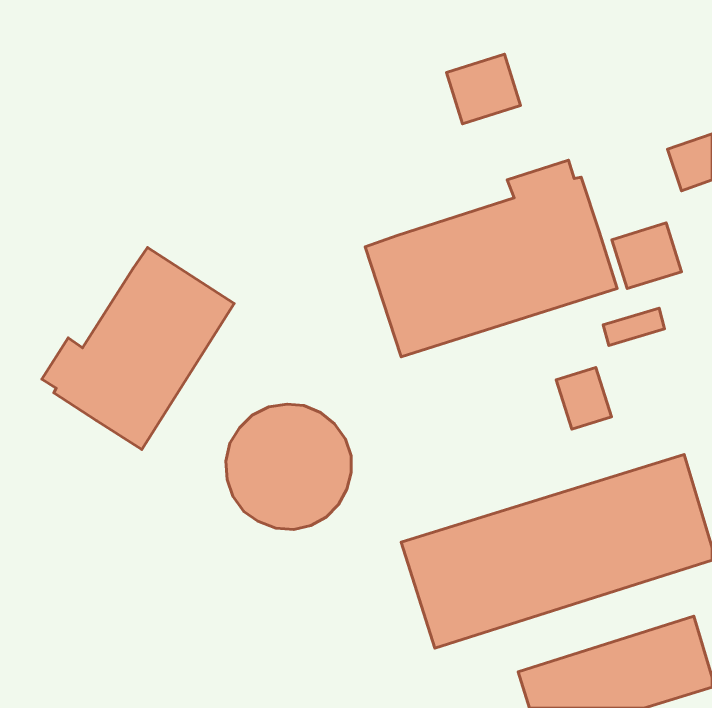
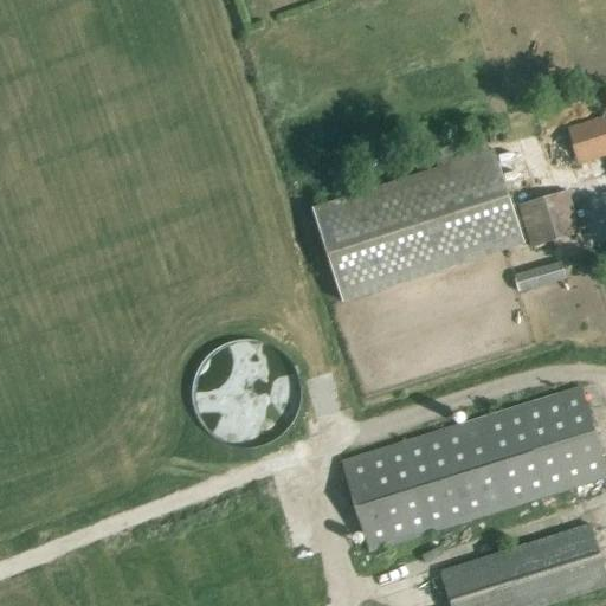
building: [447,54,520,124] -> none
building: [42,247,234,449] -> none
building: [556,368,612,429] -> none

